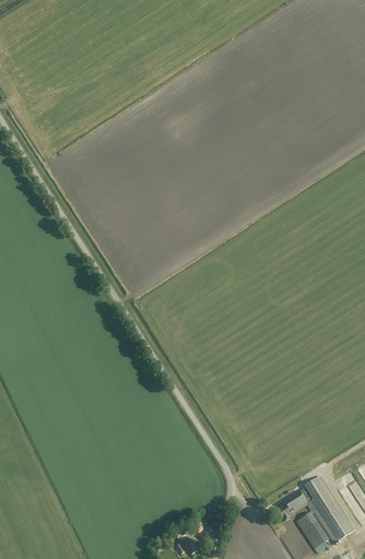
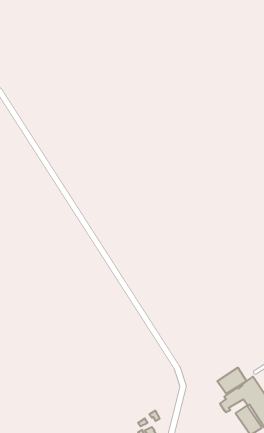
building: none -> [217,368,247,394]

